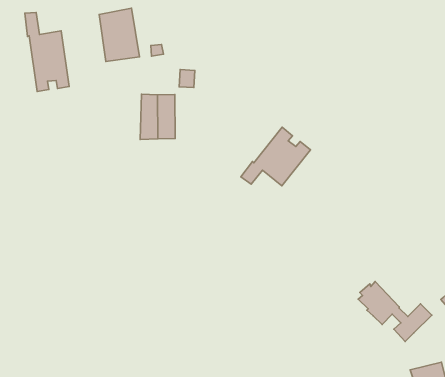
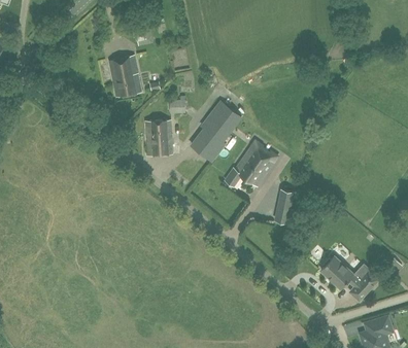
building: [25,12,69,91] -> none
building: none -> [191,101,240,161]
building: none -> [274,189,295,222]

